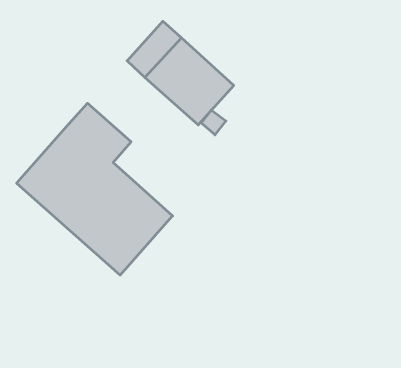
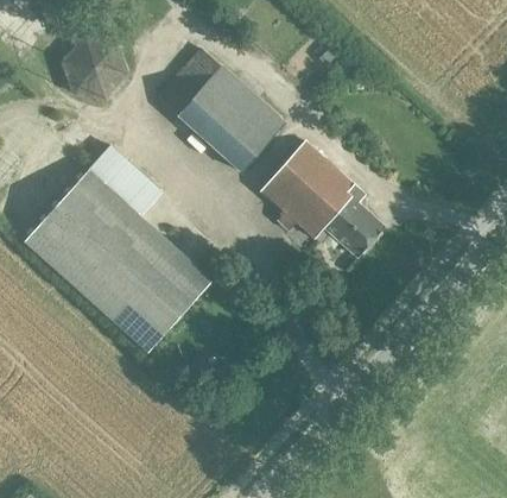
building: none -> [63,31,131,99]
building: none -> [261,141,385,258]

